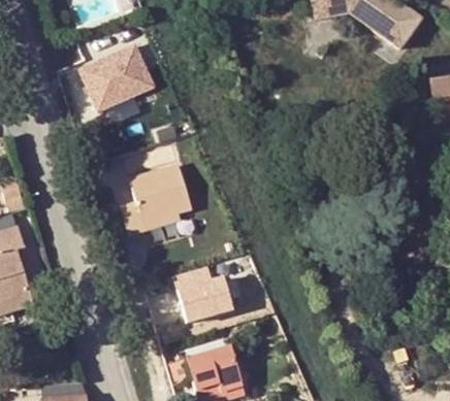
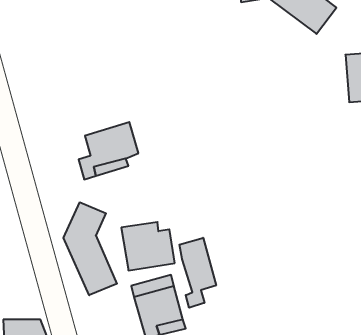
building: [81,49,156,124] -> none
building: none -> [64,202,117,295]
building: none -> [179,238,216,308]

